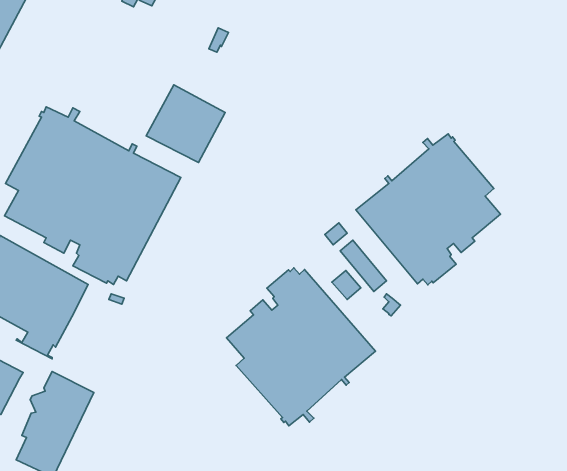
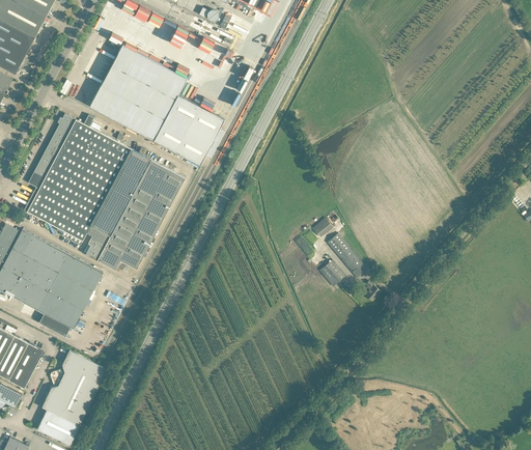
building: none -> [88,45,185,140]
building: [356,134,501,285] -> none
building: [226,268,375,426] -> none

